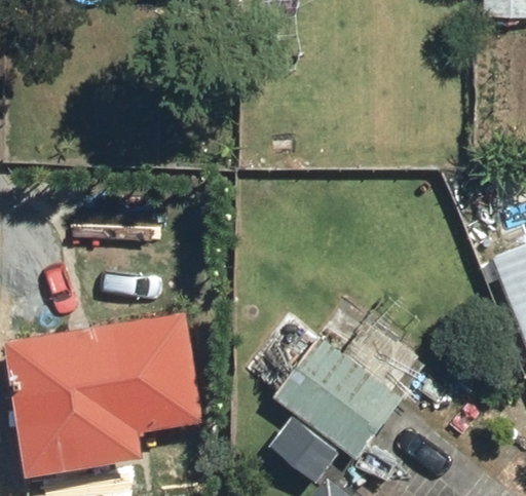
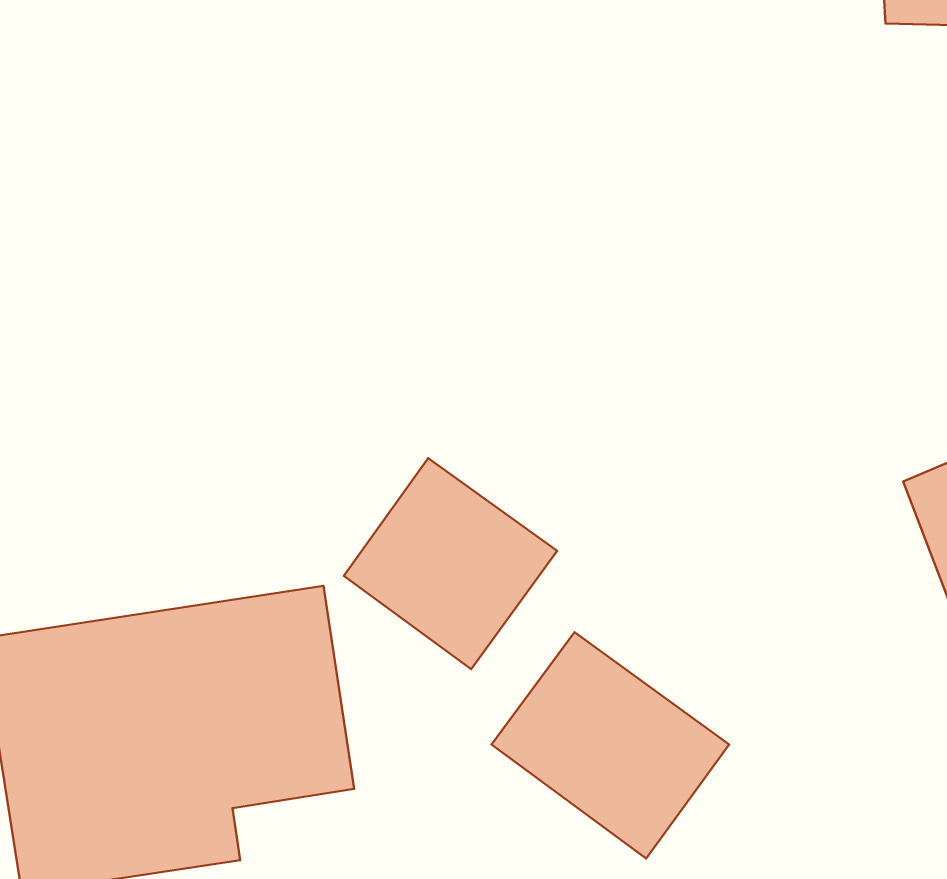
building: none -> [344,458,557,669]

